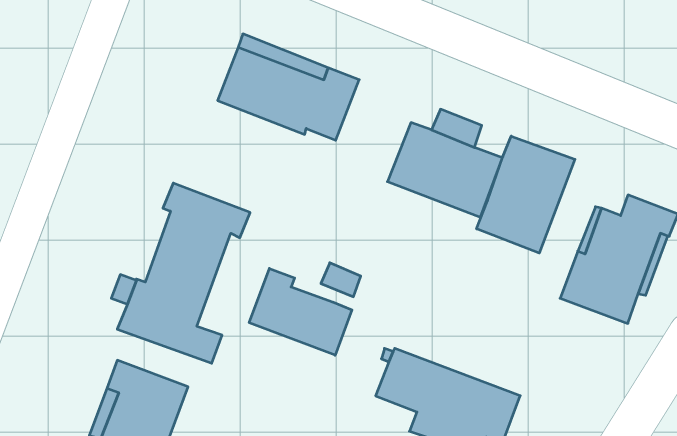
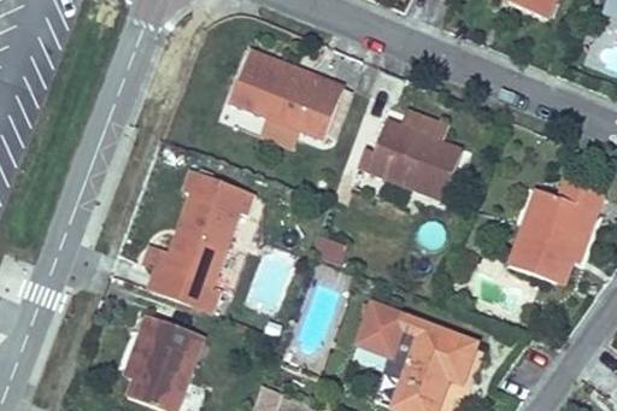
building: [477,136,575,253] -> none
building: [249,268,352,355] -> none

